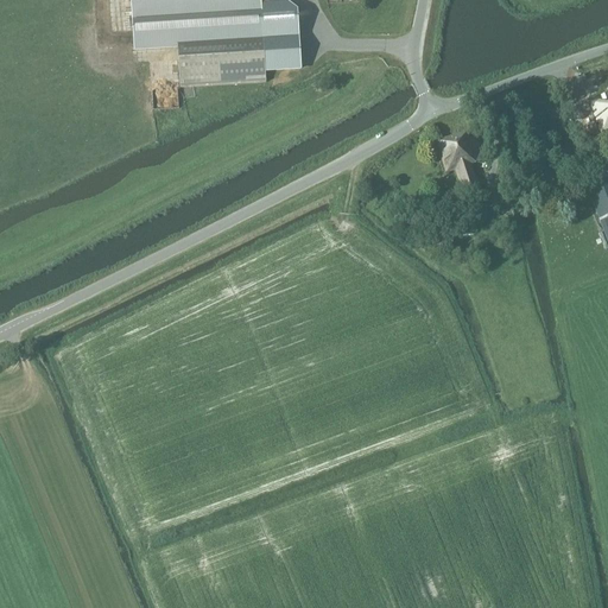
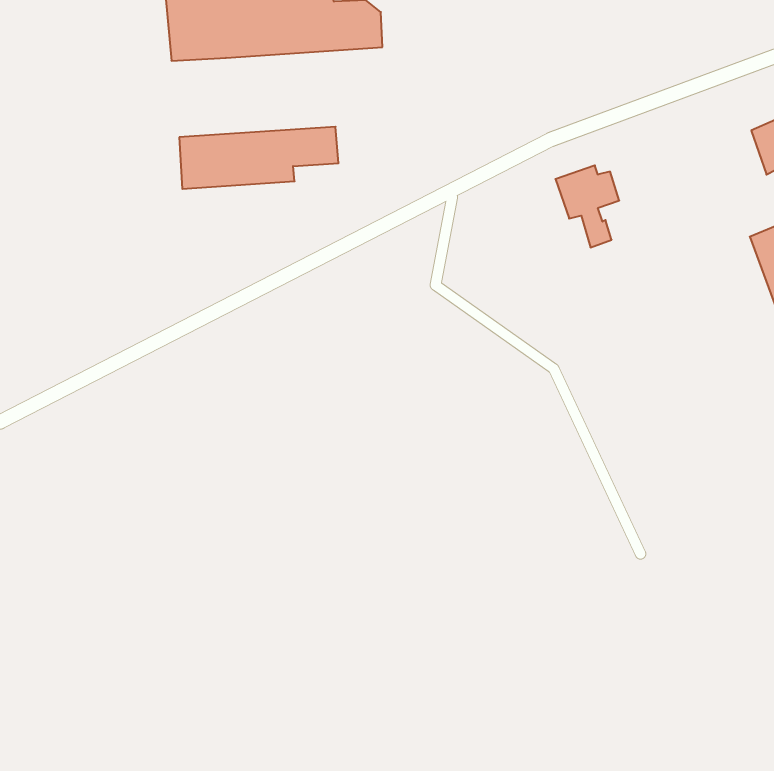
building: [178,37,303,86] -> [179,127,339,189]

